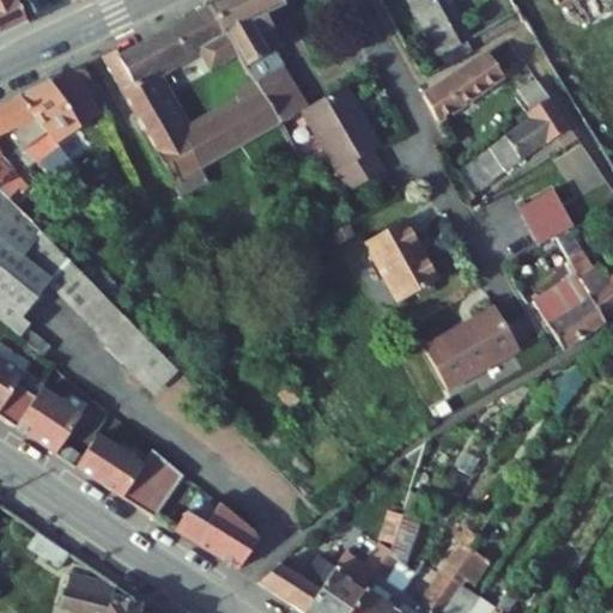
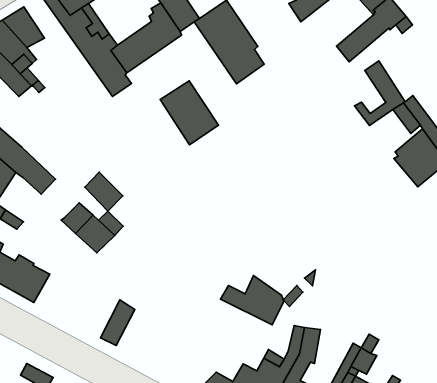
building: [366,218,438,301] -> [160,81,218,145]
building: [77,292,125,344] -> [85,172,123,211]
building: [420,306,516,389] -> none
building: [74,431,165,503] -> none
building: [174,500,255,566] -> [221,276,284,325]

